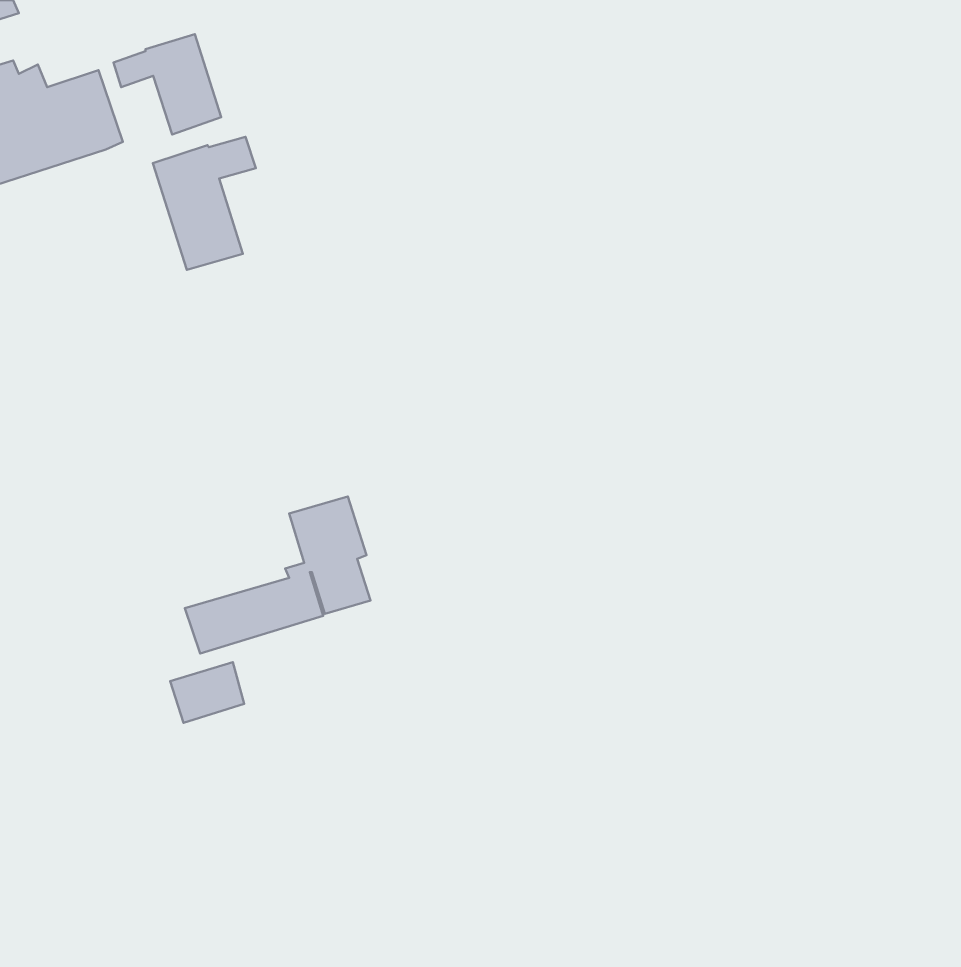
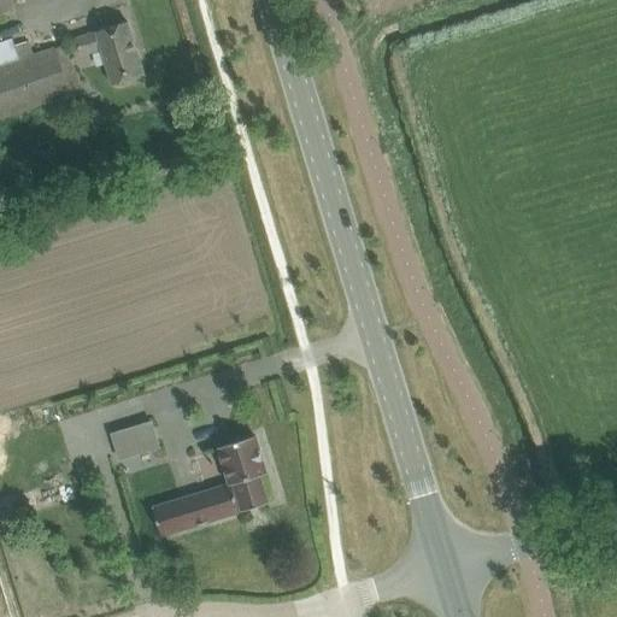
building: [153,137,256,270] -> none
building: [185,497,370,654] -> [148,436,266,536]

